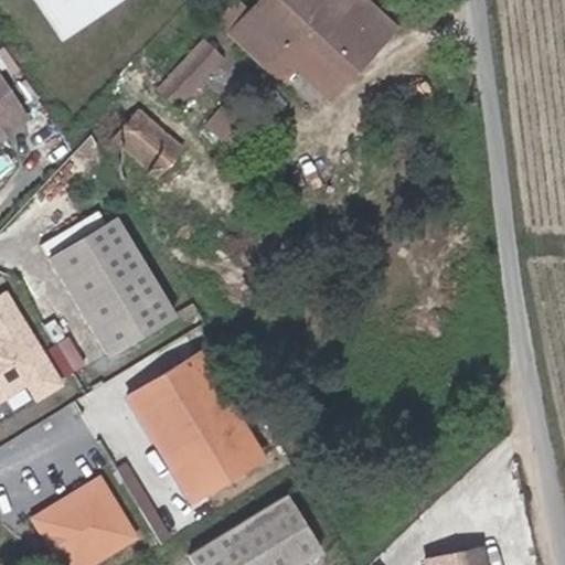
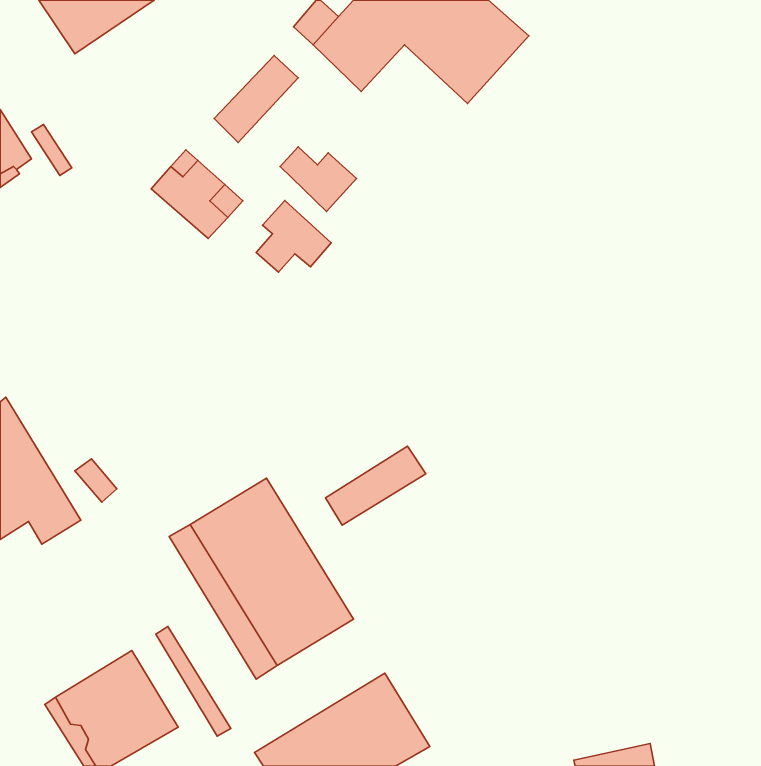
building: [269,33,348,95] -> none
building: none -> [256,201,331,272]
building: [51,216,174,354] -> none
building: none -> [325,446,426,525]

